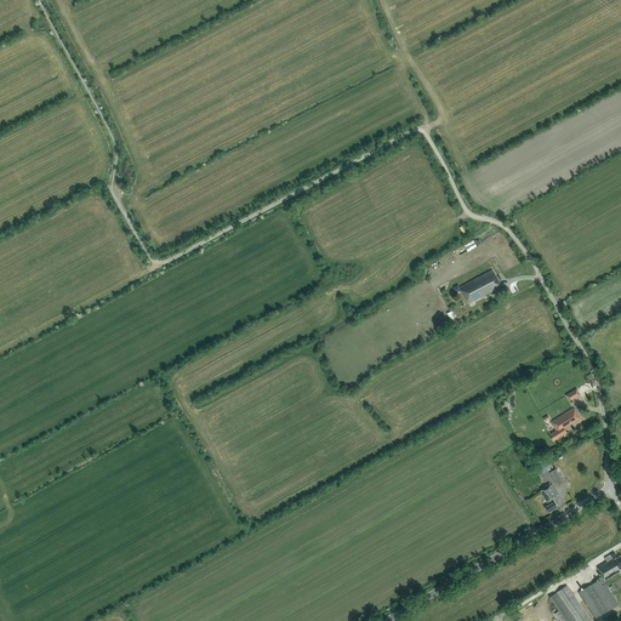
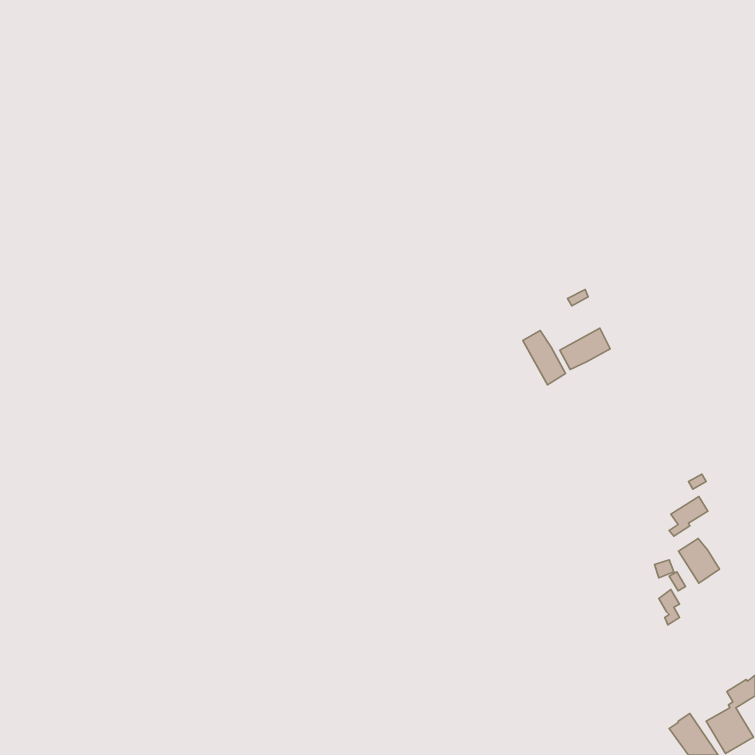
building: none -> [523,331,566,385]
building: none -> [678,538,719,583]

